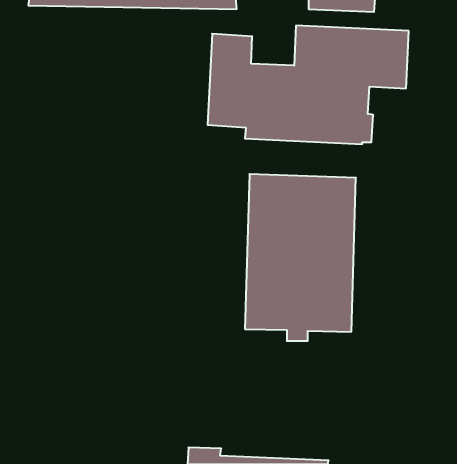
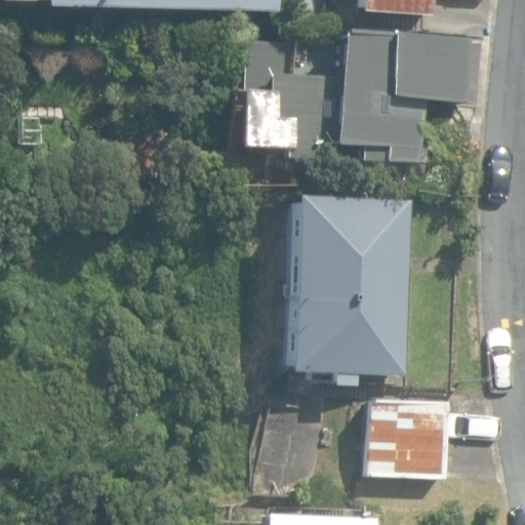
building: none -> [367,400,446,477]

